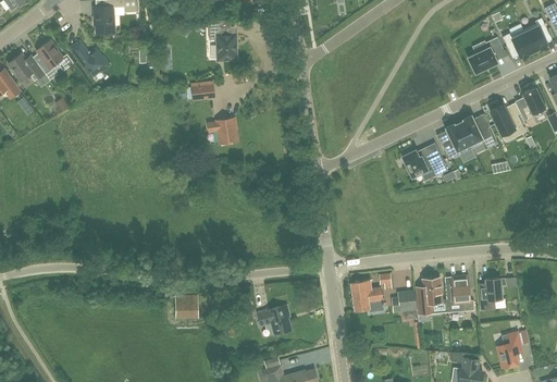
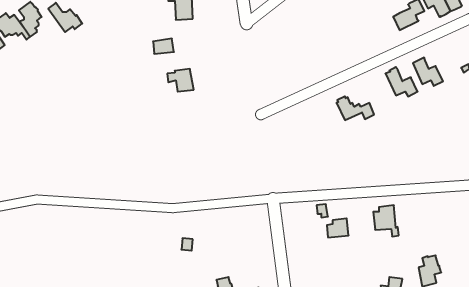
building: [522,87,547,120] -> none
building: [443,123,471,159] -> none
building: [416,278,442,313] -> none
building: [478,278,506,309] -> none
building: [351,280,383,309] -> none
building: [176,296,198,316] -> none
building: [257,304,292,334] -> none

